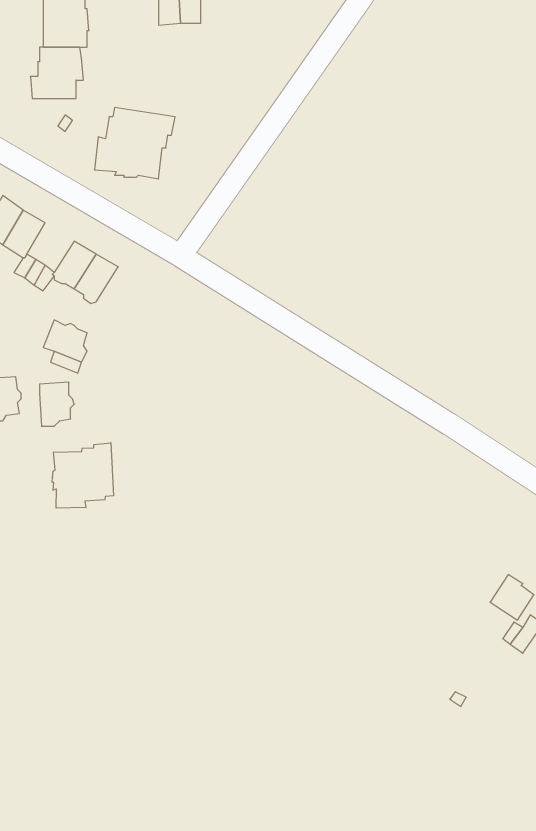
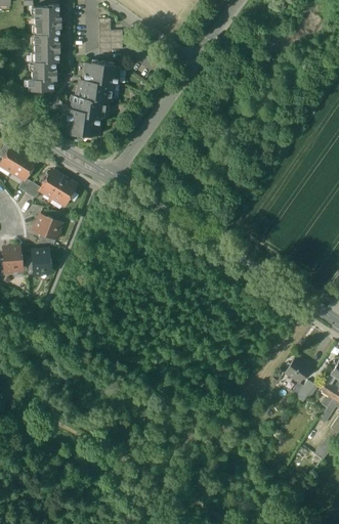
building: none -> [75,62,121,102]
building: [52,443,114,508] -> none

